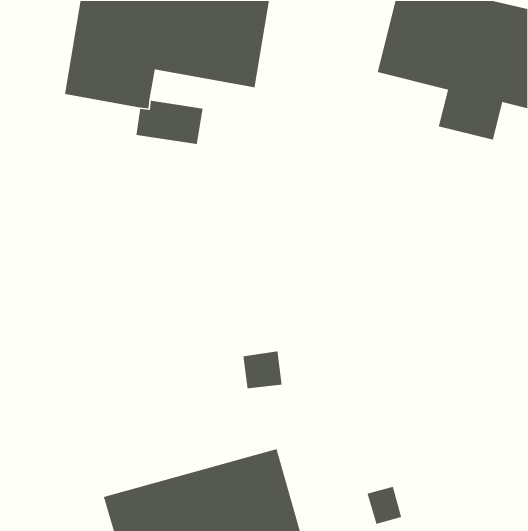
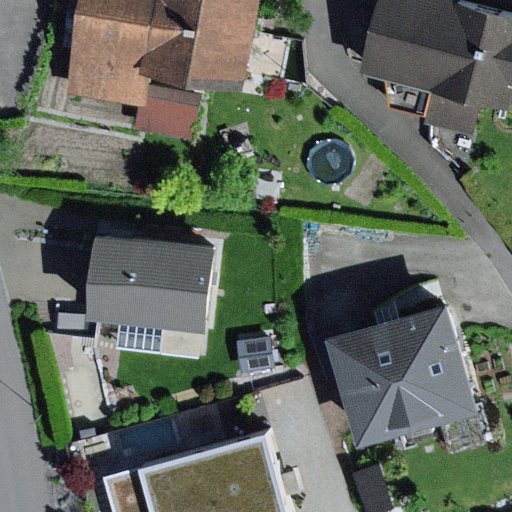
building: none -> [86,231,215,332]
building: none -> [326,301,478,445]

